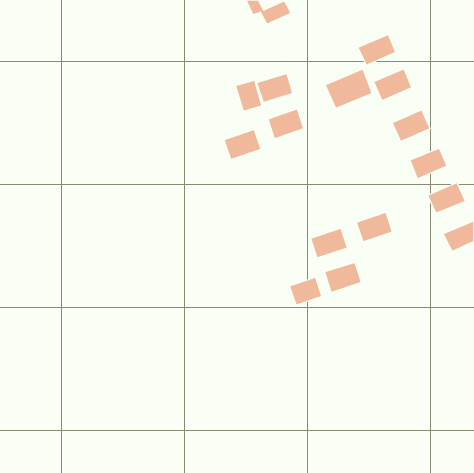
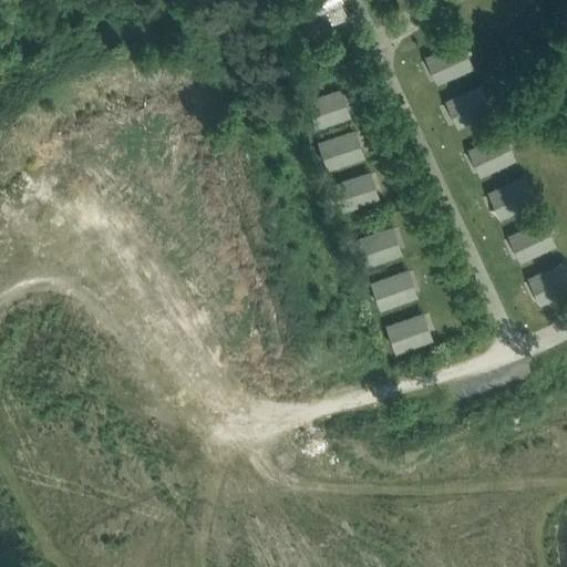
building: [325,69,372,109] -> none
building: [236,80,262,112] -> none
building: [224,130,261,159] -> [333,173,378,208]
building: [356,212,393,242] -> [357,229,400,265]
building: [289,277,322,305] -> none

